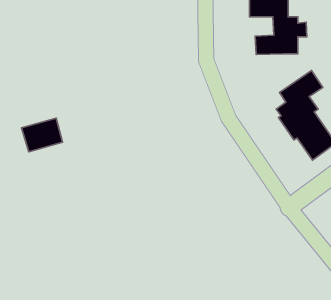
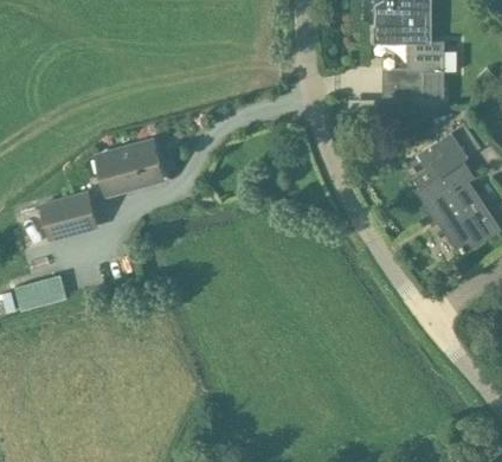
building: none -> [95,141,163,195]
building: none -> [14,275,67,313]

